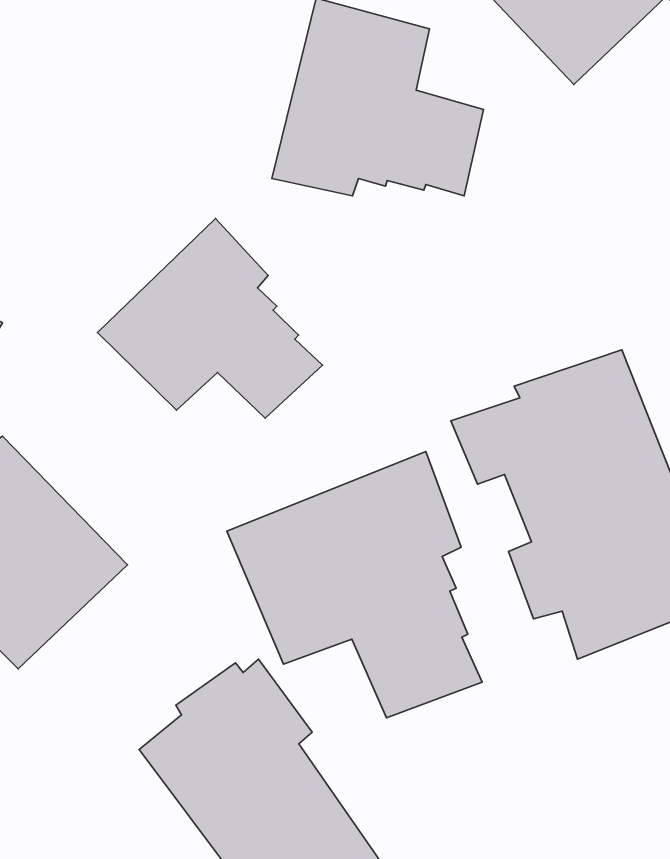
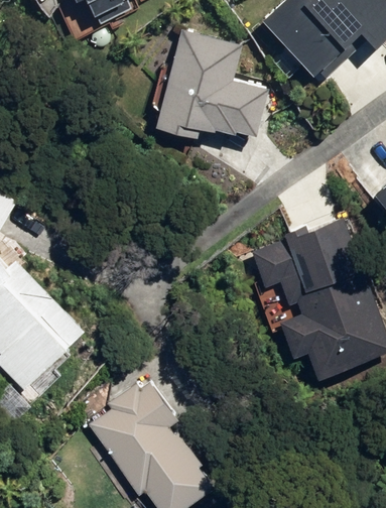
building: [98,218,322,418] -> none
building: [227,452,482,718] -> none

